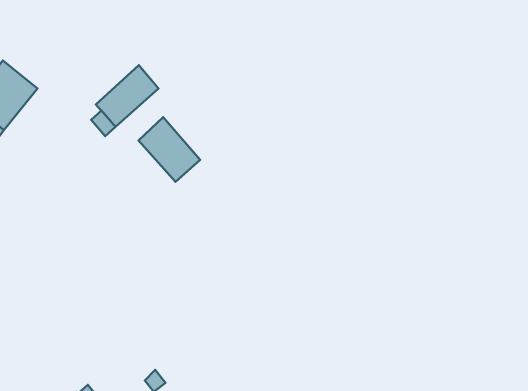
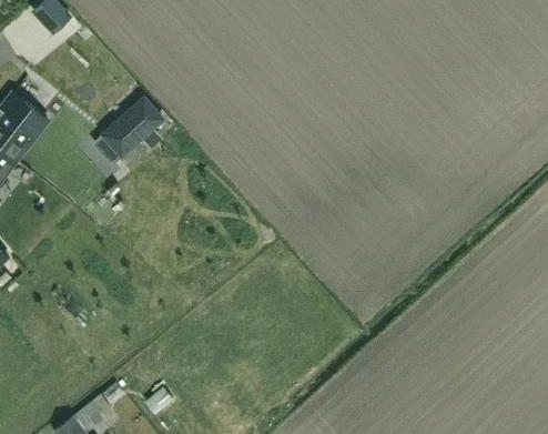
building: [138,117,200,182] -> none

